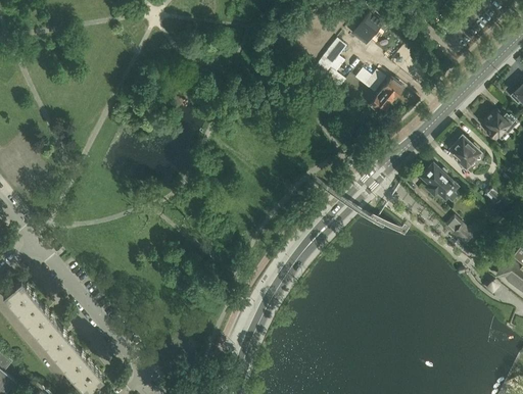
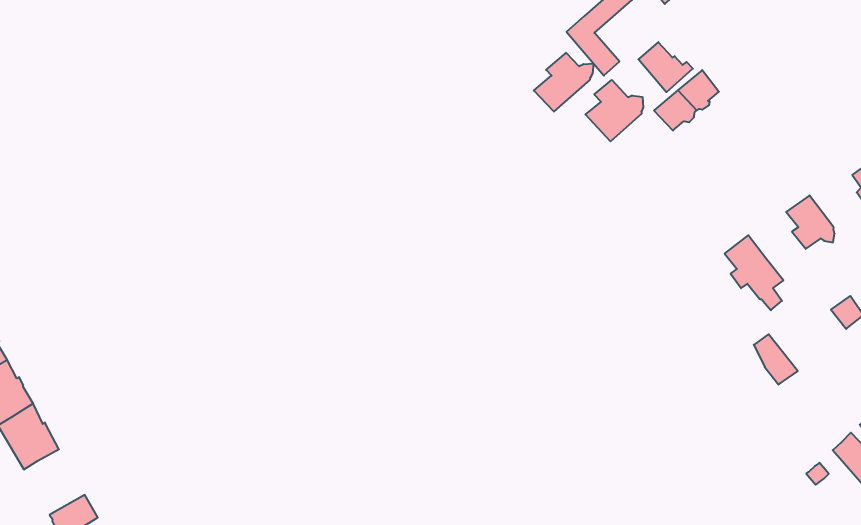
building: none -> [534,53,594,112]
building: none -> [585,80,643,141]
building: [57,346,93,383] -> none

